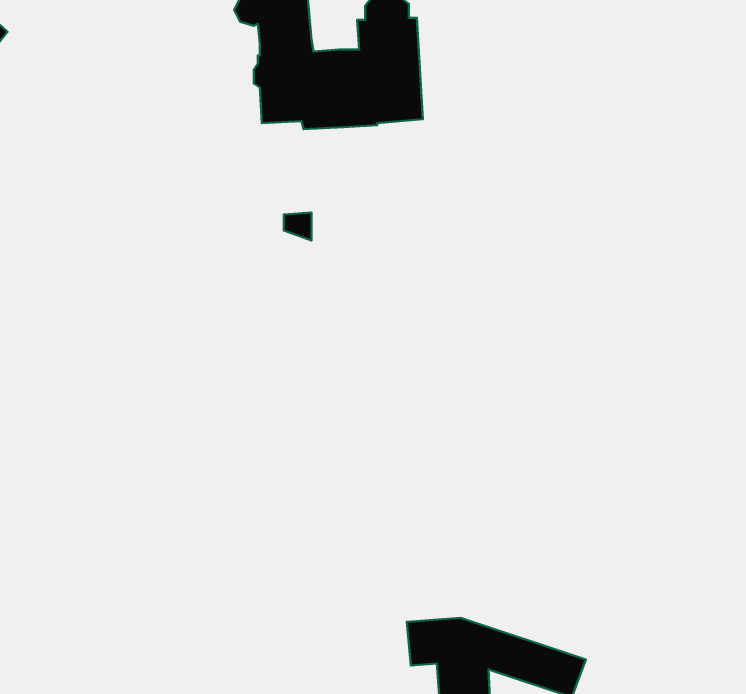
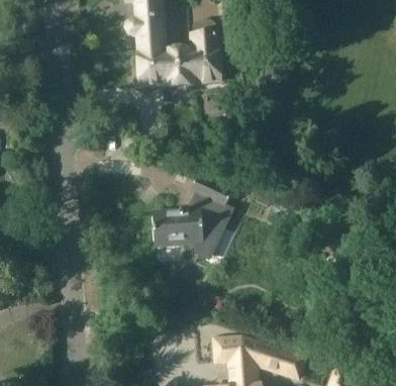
building: none -> [154,174,235,261]

